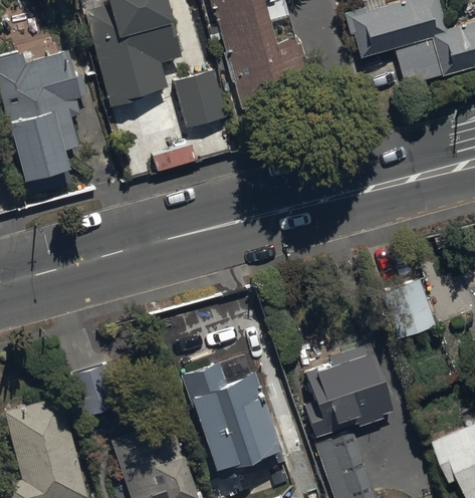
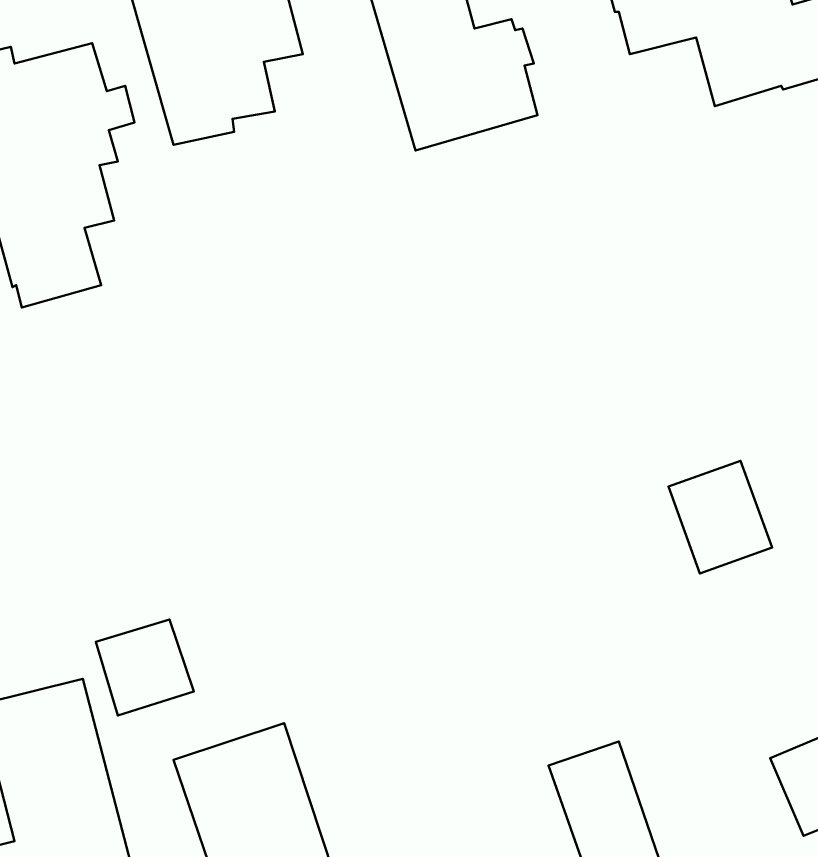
building: [173,70,227,128] -> none
building: [301,342,392,437] -> none
building: [181,361,283,474] -> none

